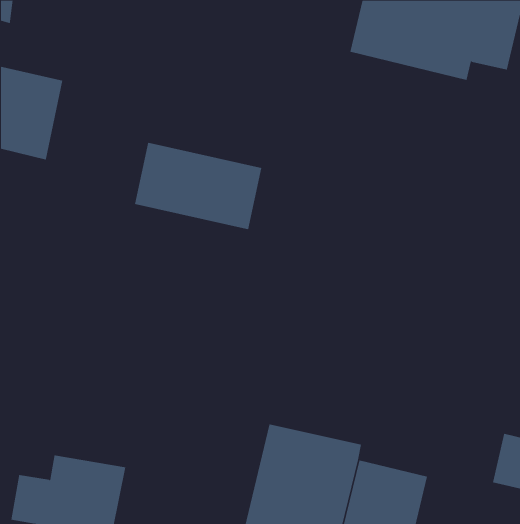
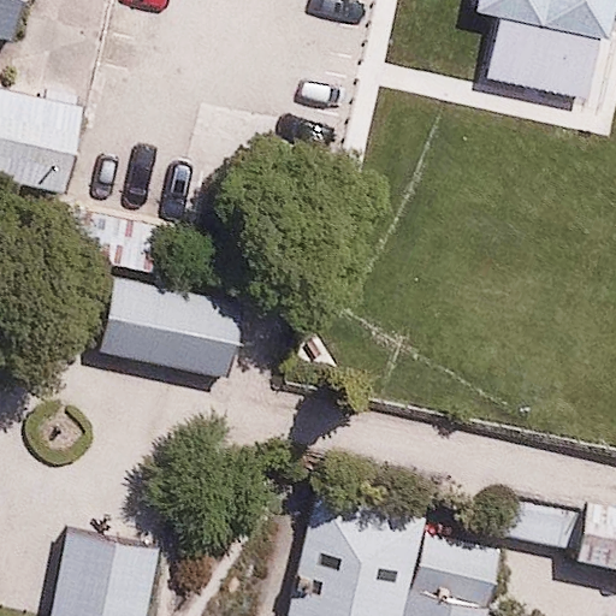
building: [134,142,262,230] -> [99,277,248,379]

